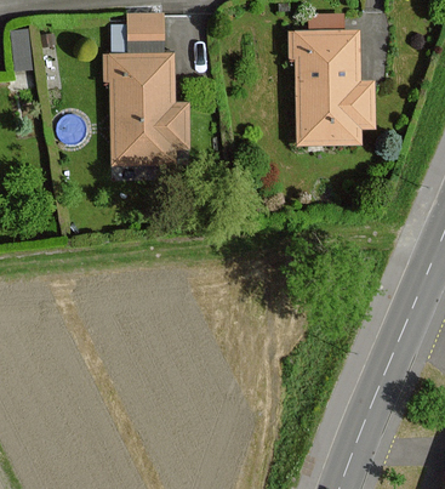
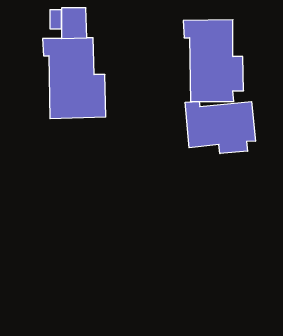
building: none -> [185,102,255,154]

